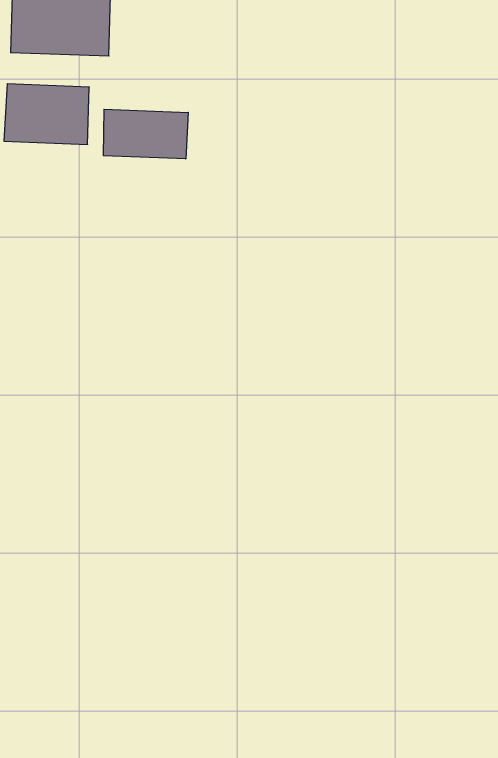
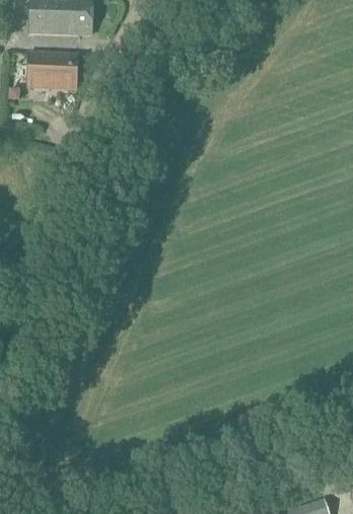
building: [103,109,188,159] -> none

